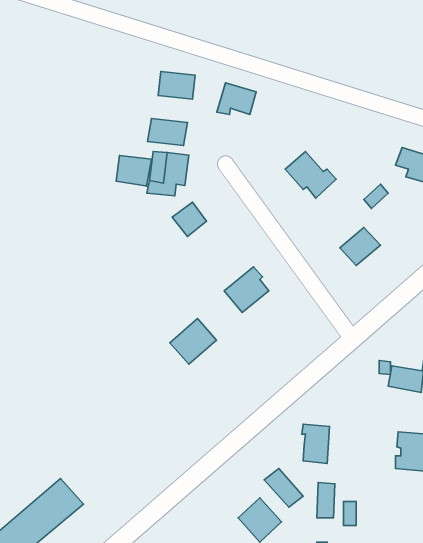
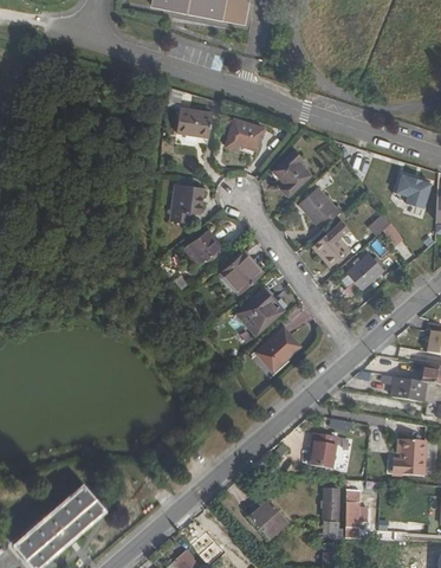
building: none -> [271,144,309,191]
building: [148,118,187,145] -> none
building: [116,155,151,186] -> none
building: none -> [312,227,349,264]
building: none -> [222,250,260,290]
building: [170,319,217,364] -> [257,327,300,369]
building: [264,469,303,507] -> none

